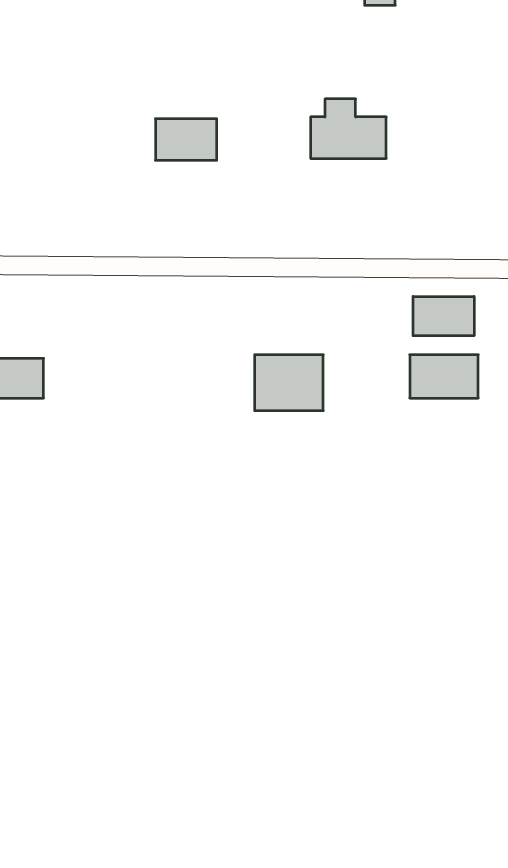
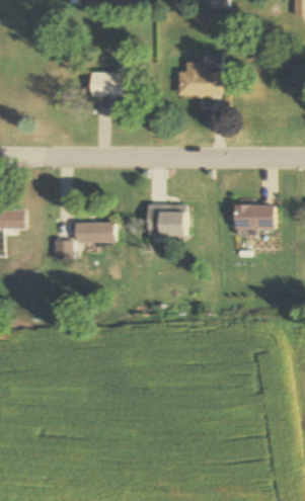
building: [413,296,474,336] -> none
building: none -> [56,222,115,260]

